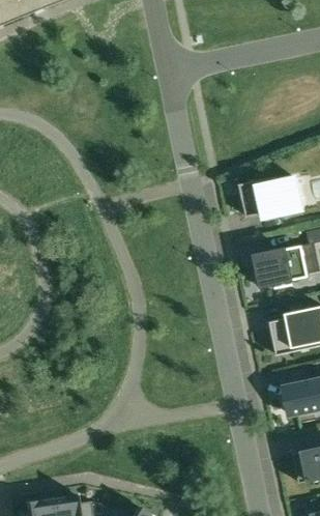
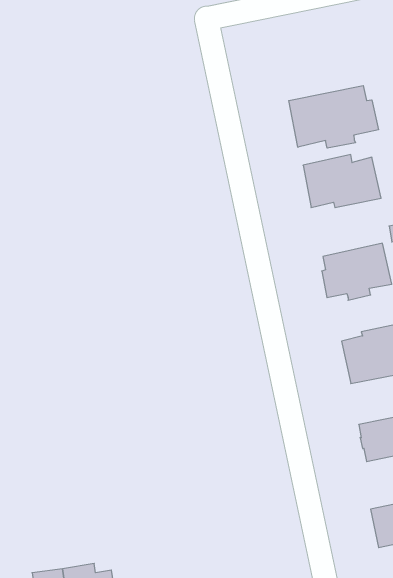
building: none -> [289,86,378,148]

